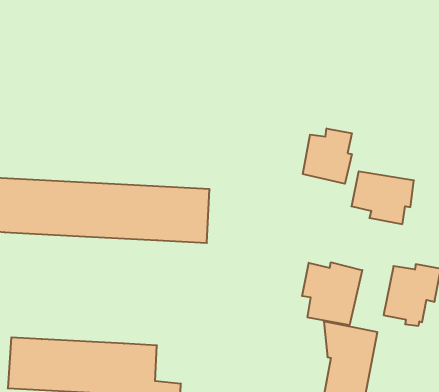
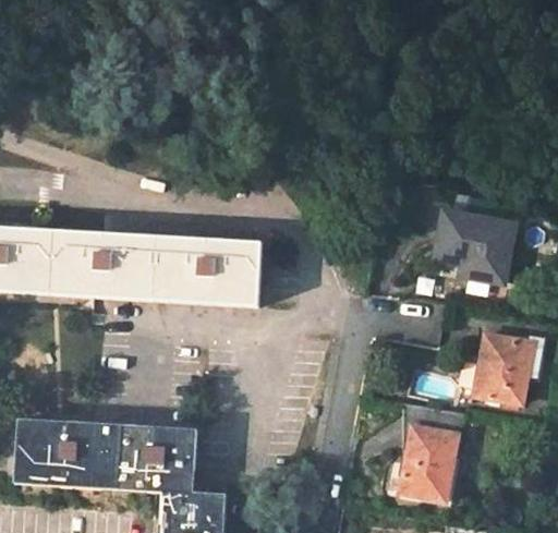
building: [303,128,352,184] -> none
building: [302,262,362,325] -> none

